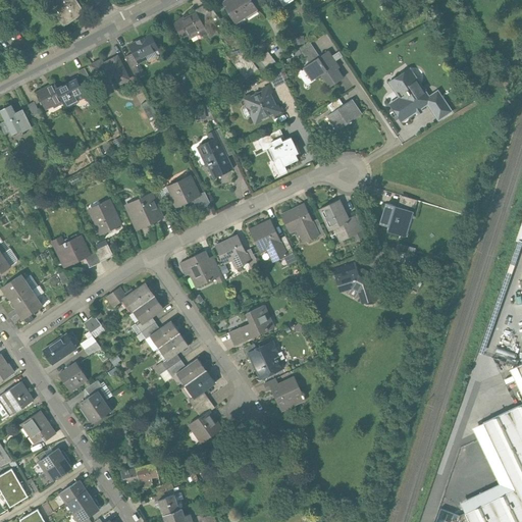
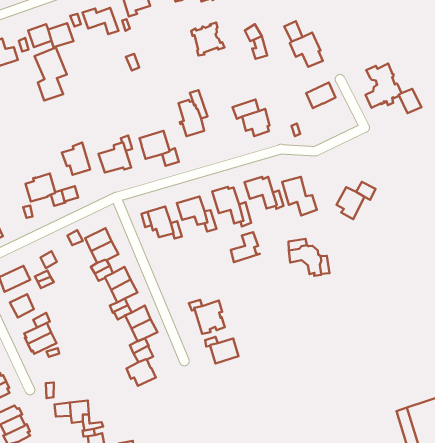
building: [245,87,281,123] -> [191,22,224,56]
building: none -> [35,47,67,100]
building: [241,307,271,341] -> [231,232,260,262]

